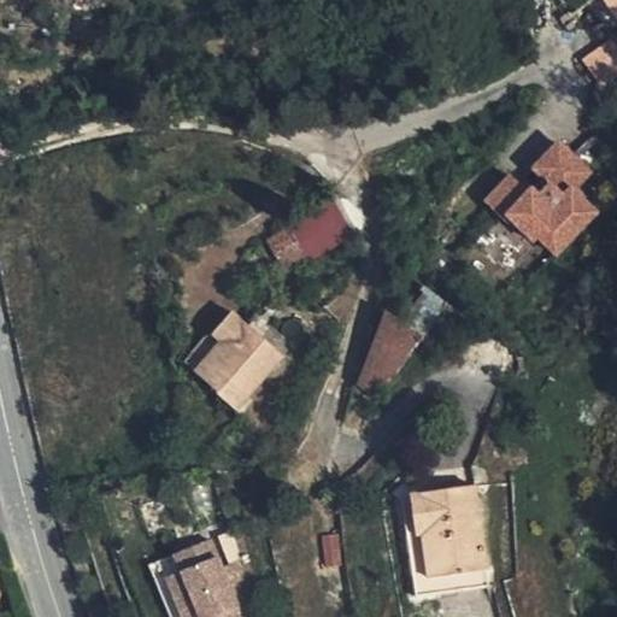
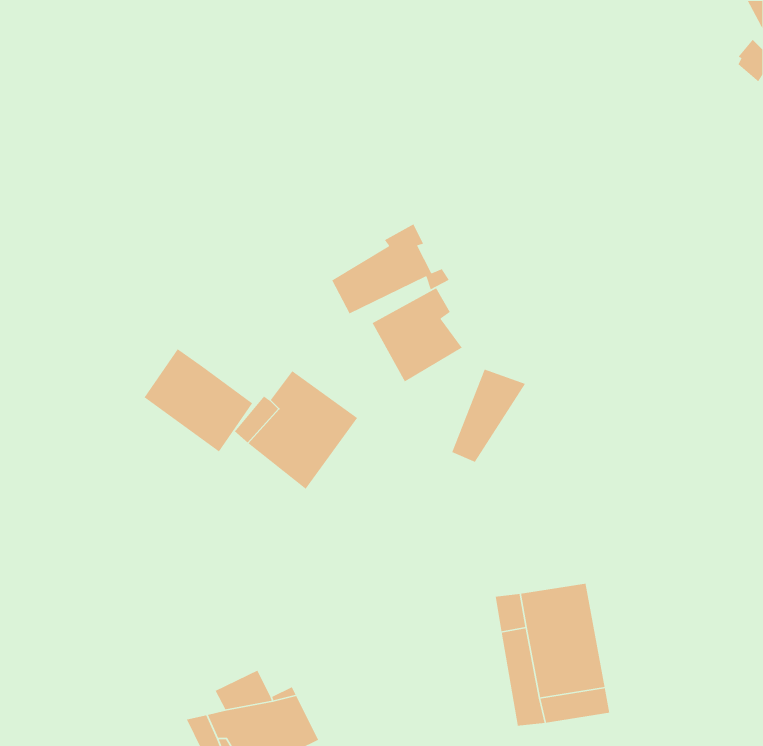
building: [484,139,593,248] -> none
building: none -> [372,287,463,382]
building: none -> [144,348,253,453]

